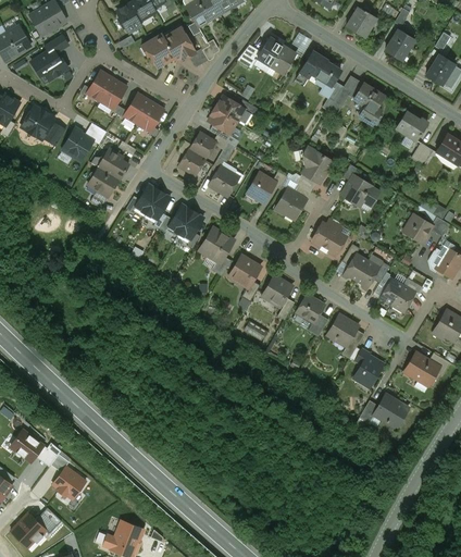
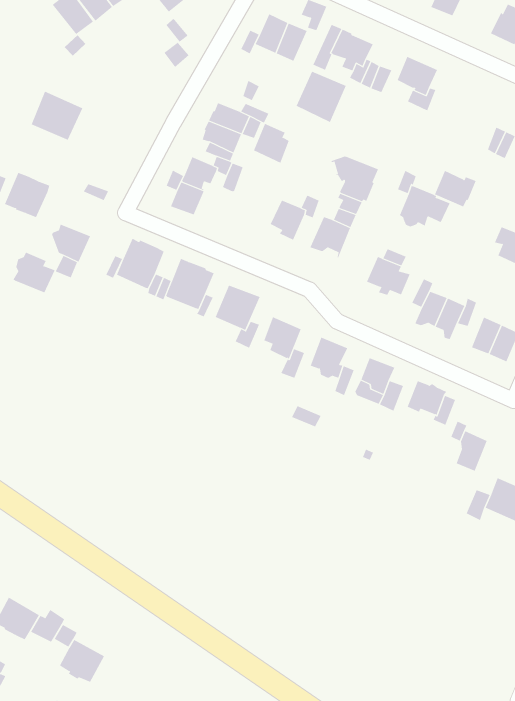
building: [144,26,194,66] -> none
building: none -> [296,71,347,123]
building: [124,92,163,131] -> none
building: [396,111,427,139] -> [434,170,476,207]
building: [97,147,128,178] -> [13,252,55,293]
building: [209,165,236,196] -> [253,123,290,163]

